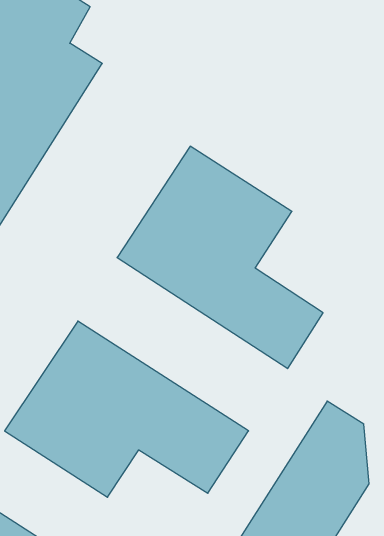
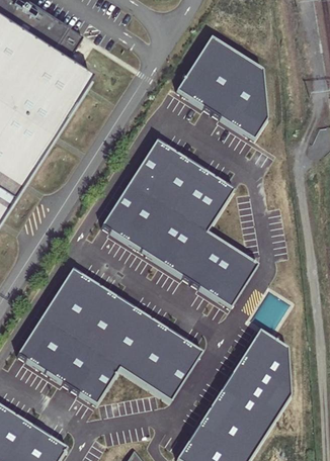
building: none -> [177,35,267,136]

